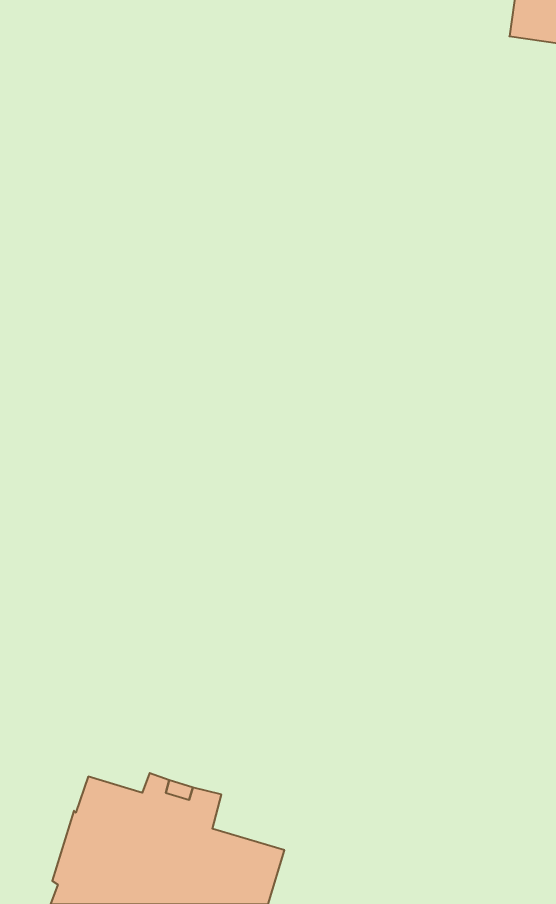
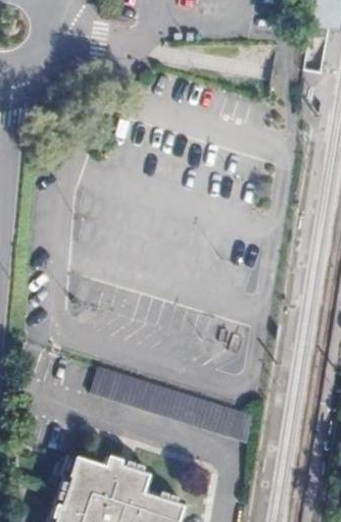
building: none -> [88,368,252,443]

